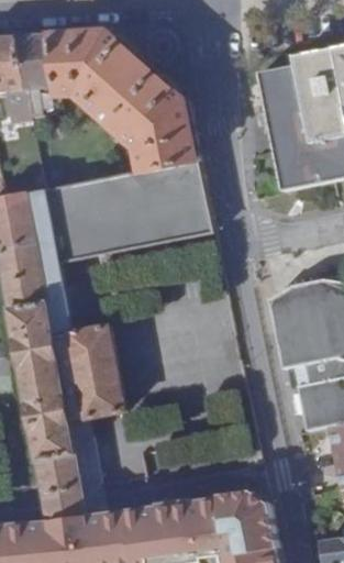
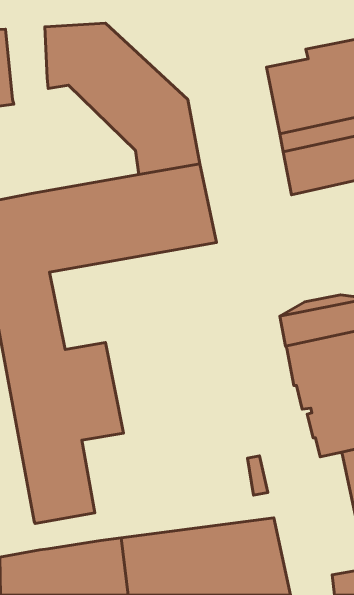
building: [16,36,55,112] -> none
building: [44,485,104,519] -> none

